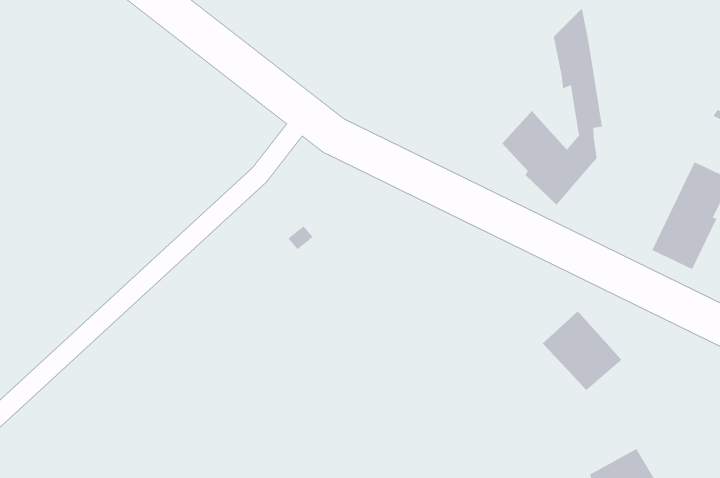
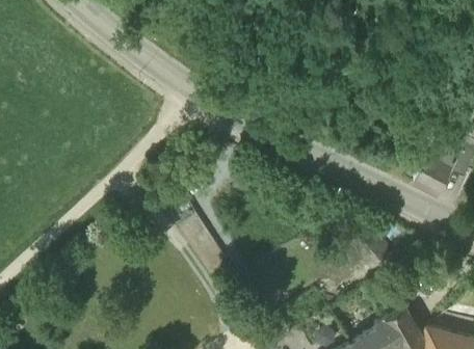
building: [502,8,602,206] -> none

